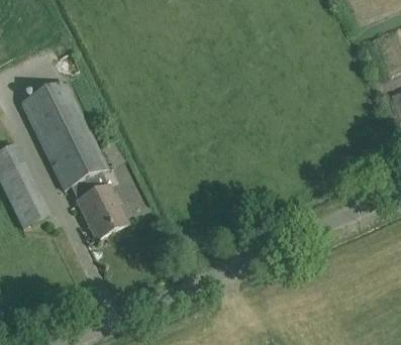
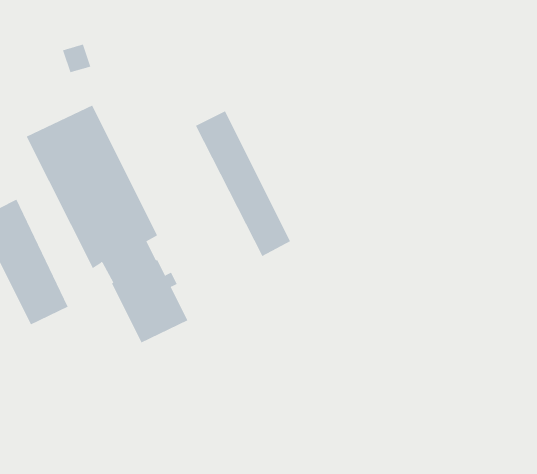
building: none -> [195,110,291,257]

